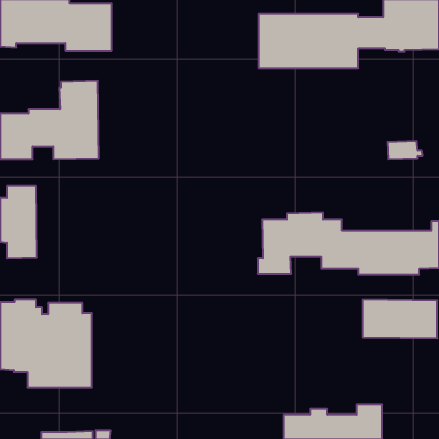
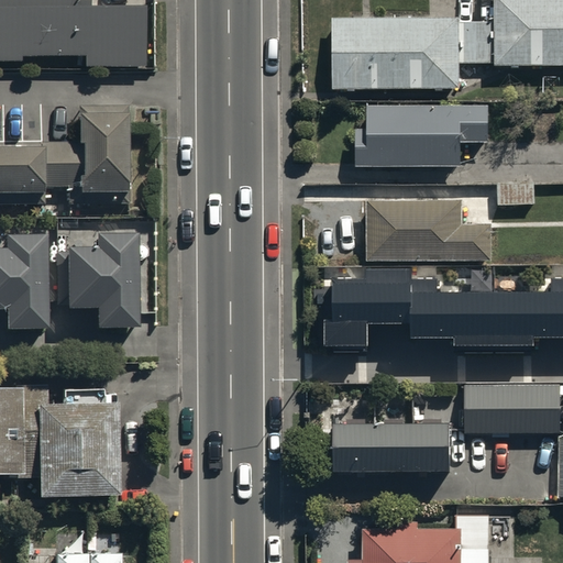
building: none -> [353,103,487,165]
building: none -> [365,198,490,261]
building: none -> [58,236,137,329]
building: none -> [333,421,449,471]

